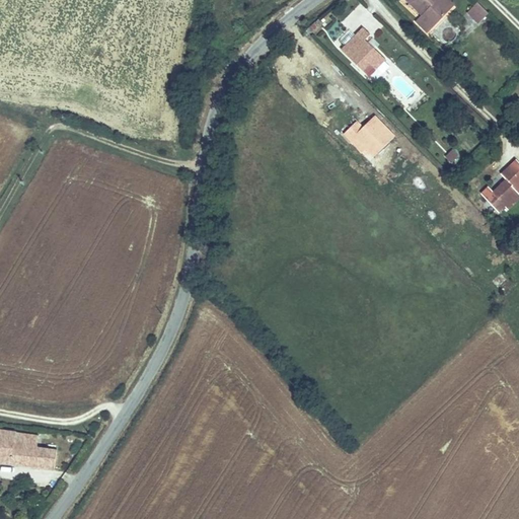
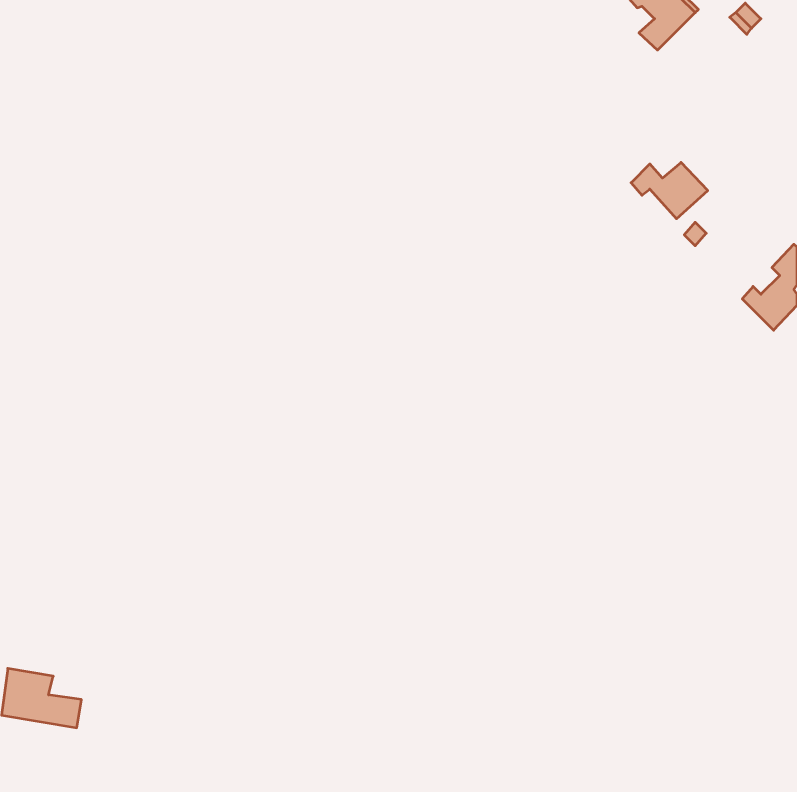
building: [342,22,383,66] -> none
building: [345,119,394,155] -> [631,162,708,219]

